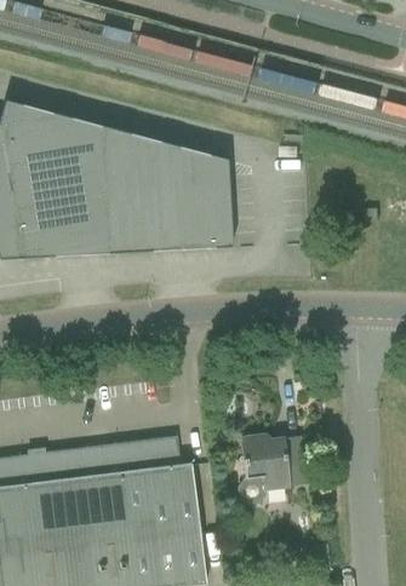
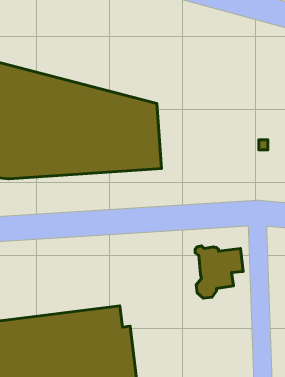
building: [236,432,302,504] -> [195,246,243,298]

